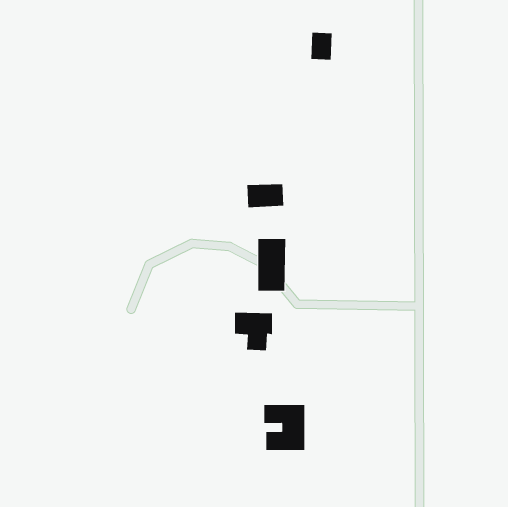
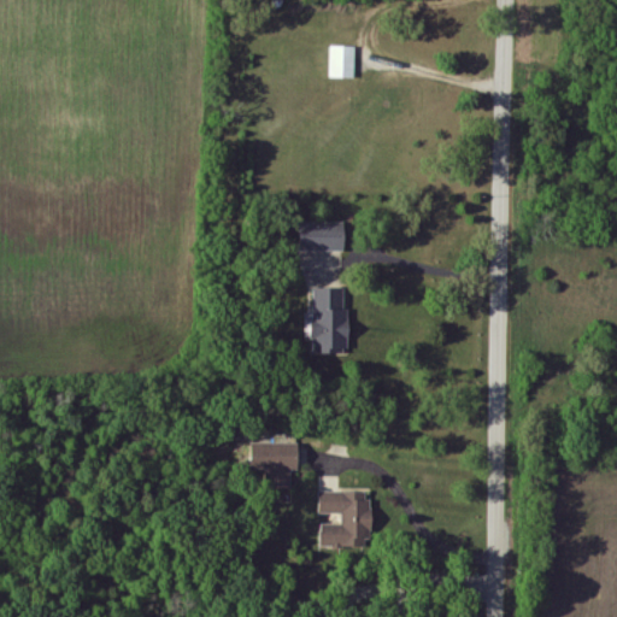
building: [311,32,332,60] -> [330,46,357,80]
building: [234,312,273,351] -> [251,441,298,488]

